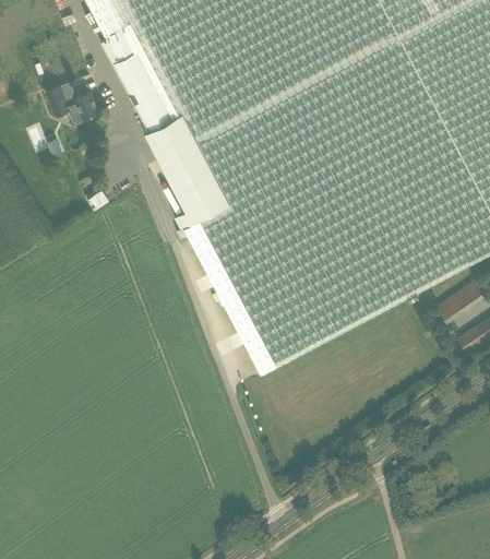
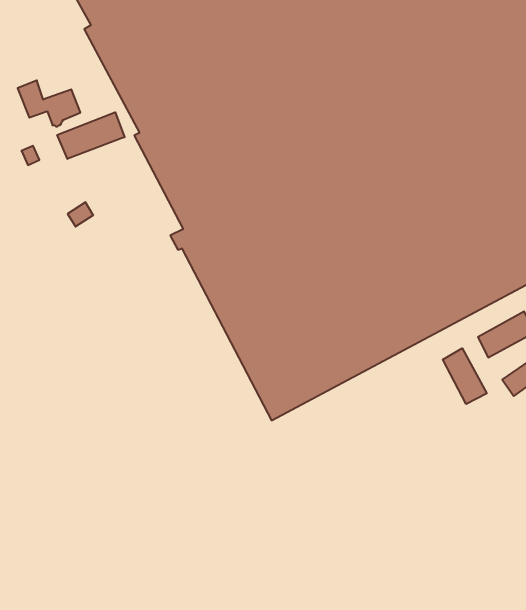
building: none -> [57,112,125,159]
building: none -> [443,348,487,404]

